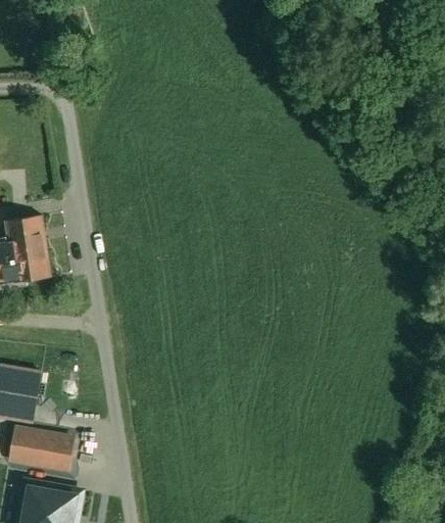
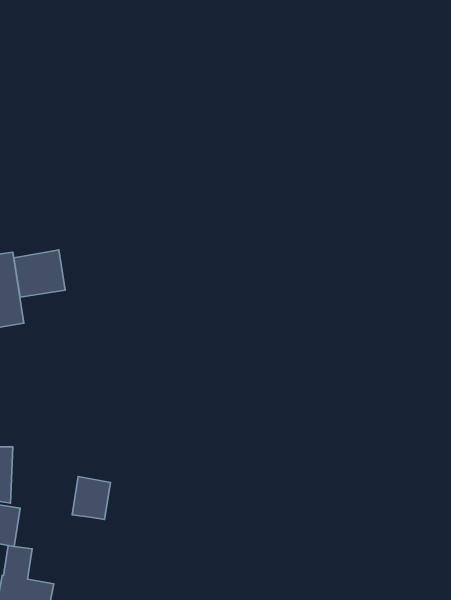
building: none -> [14,250,65,297]
building: [41,432,73,469] -> [72,476,111,520]

